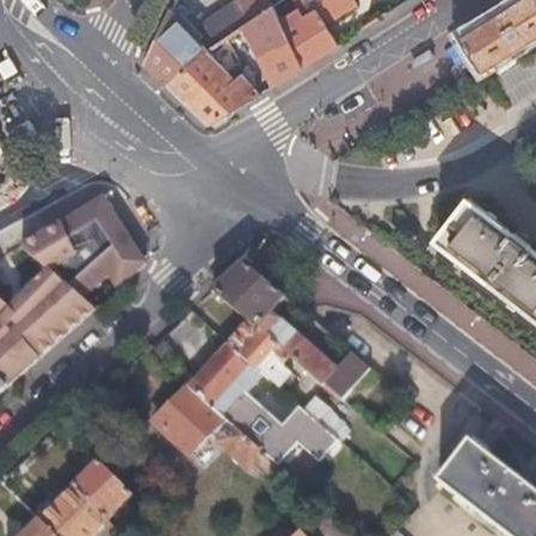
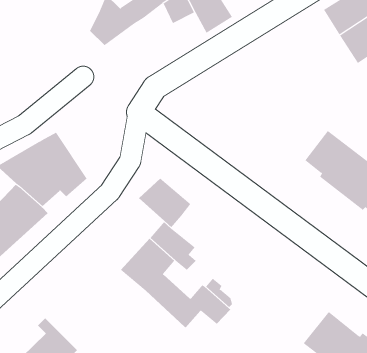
building: [258,36,303,85] -> none
building: [166,43,260,124] -> none
building: [257,310,366,396] -> none
building: [153,383,273,473] -> none

